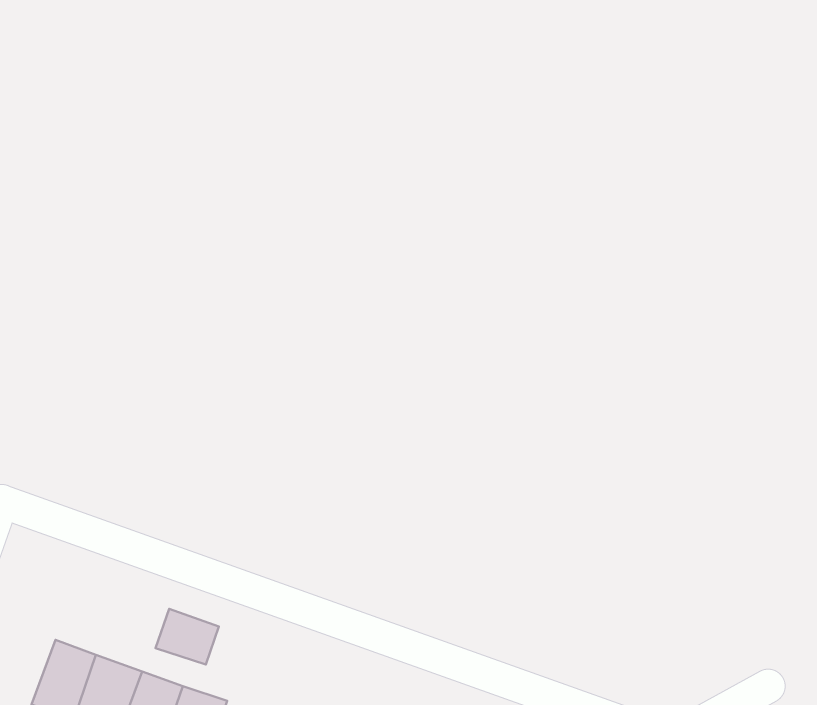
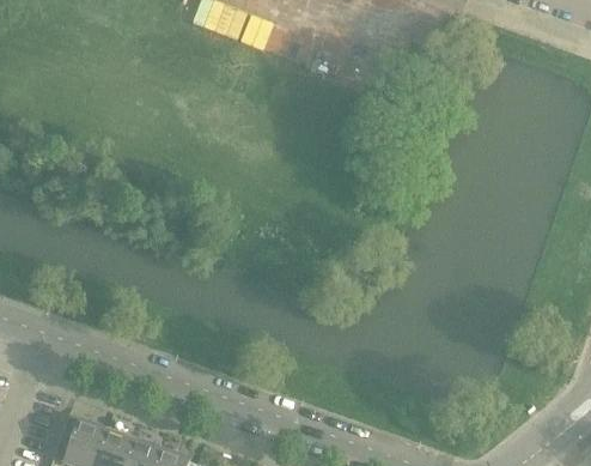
building: [155,609,219,664] -> none

